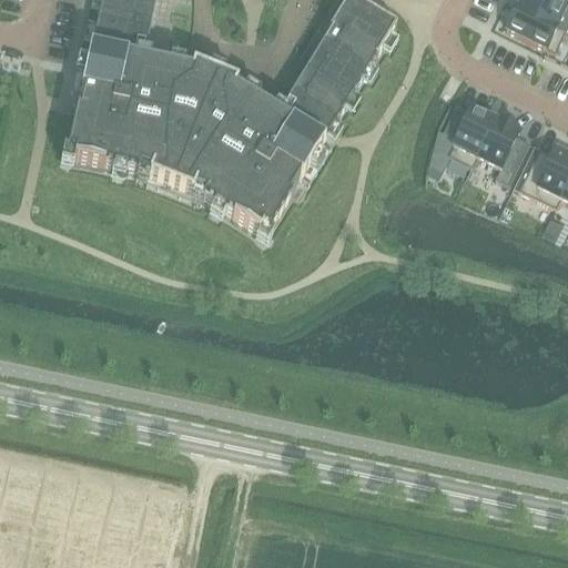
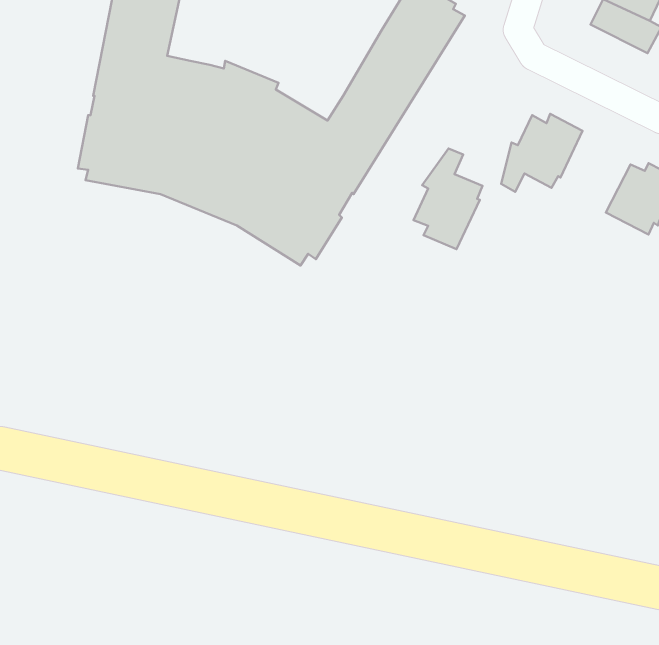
building: [483,112,532,179] -> none
building: none -> [413,149,482,249]

